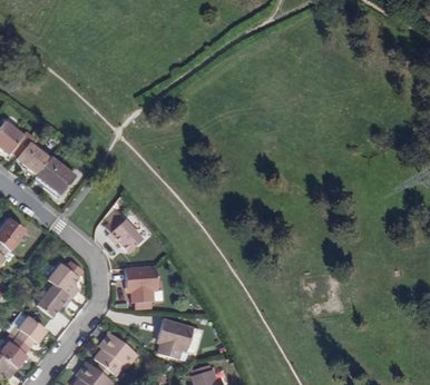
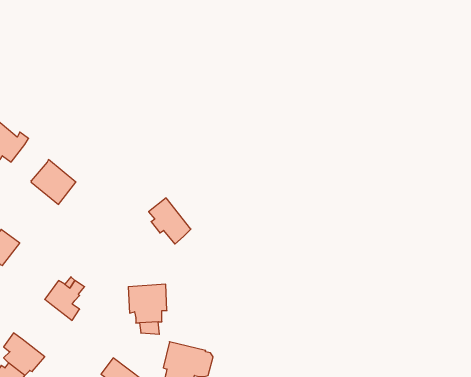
building: [16,142,49,175] -> none
building: [105,215,143,256] -> [149,198,191,244]
building: [37,284,71,316] -> none

